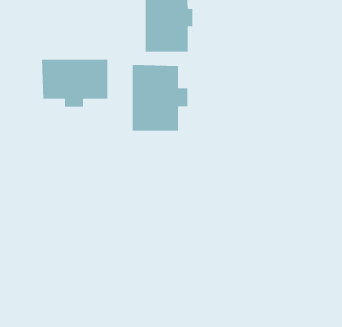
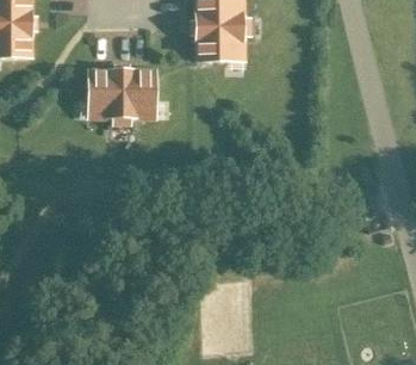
building: [132,64,188,132] -> none

